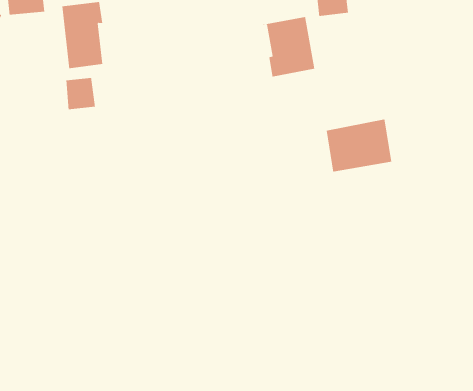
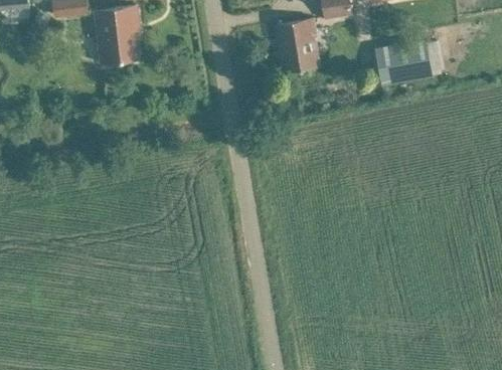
building: [66,77,95,110] -> none
building: [326,119,392,172] -> [374,39,432,85]

